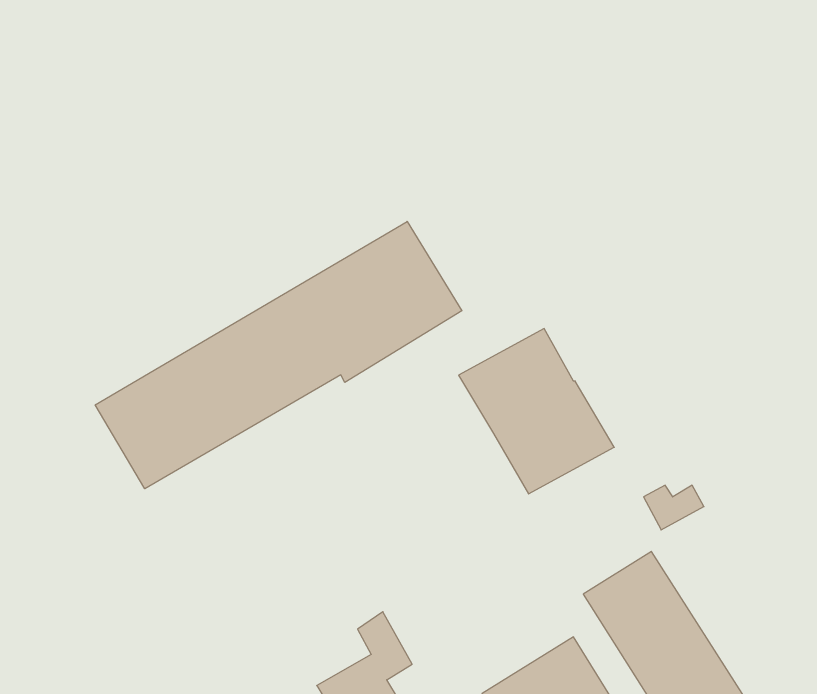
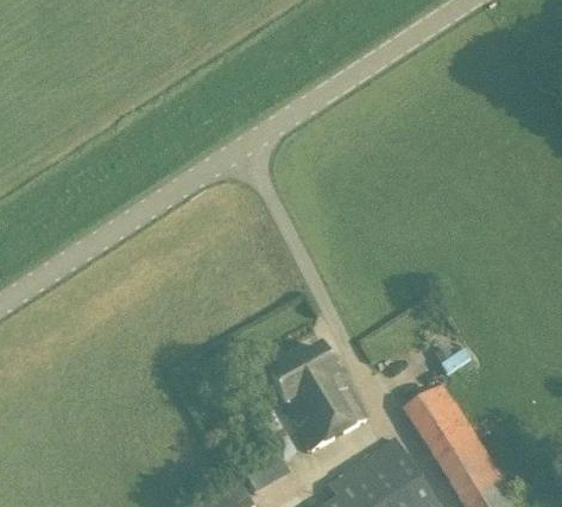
building: [95,221,462,489] -> none
building: [459,329,614,494] -> [270,347,365,448]

